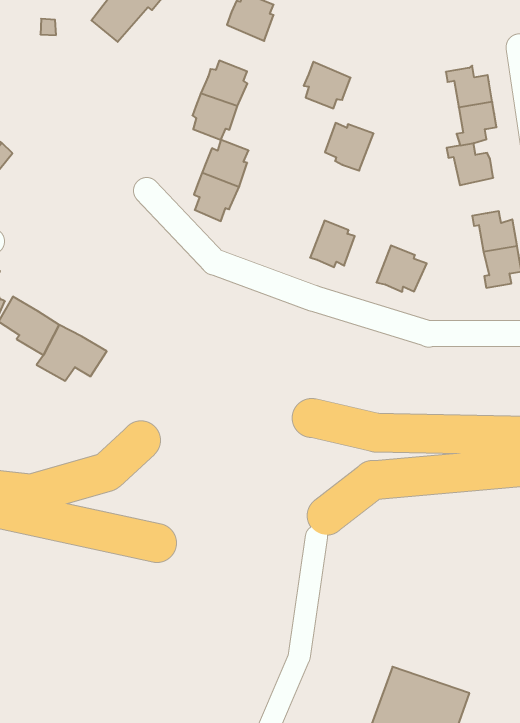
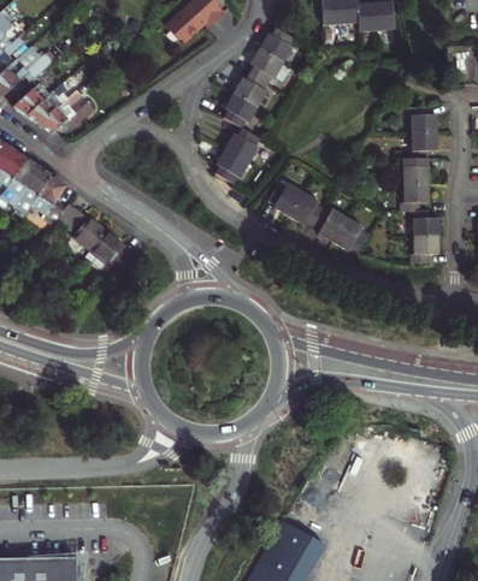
building: [304,62,351,108] -> [249,45,283,79]
building: [325,123,374,171] -> [267,180,303,217]
building: none -> [397,183,426,207]
building: none -> [312,207,347,242]

